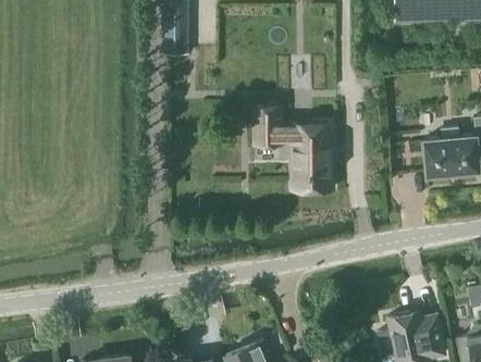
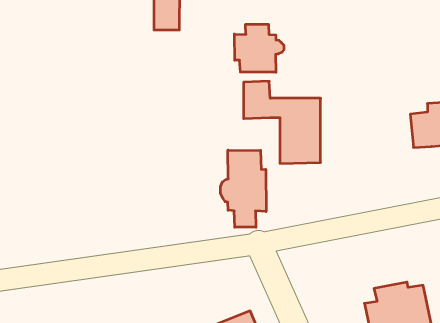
building: none -> [234,24,284,72]
building: none -> [220,150,266,227]

